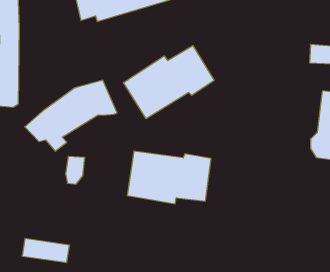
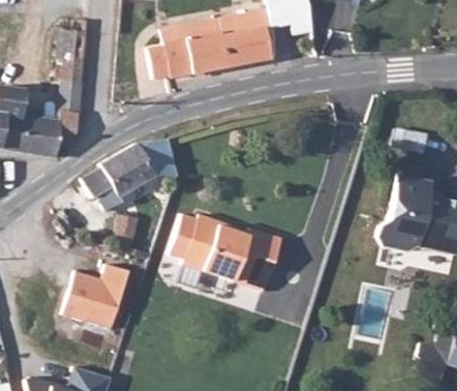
building: [123,46,214,119] -> none
building: none -> [64,267,122,313]

